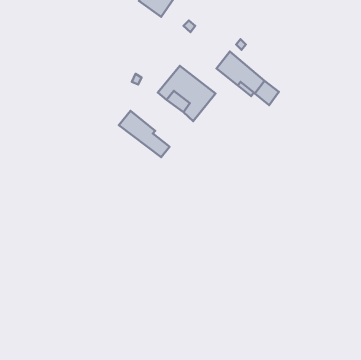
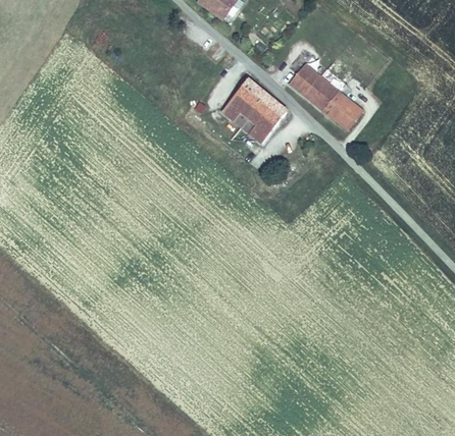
building: [119,111,170,157] -> none

